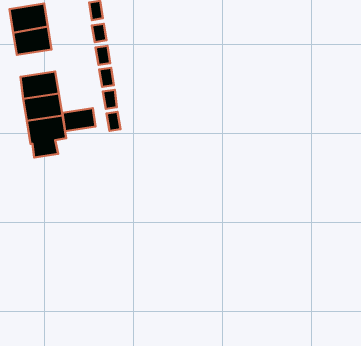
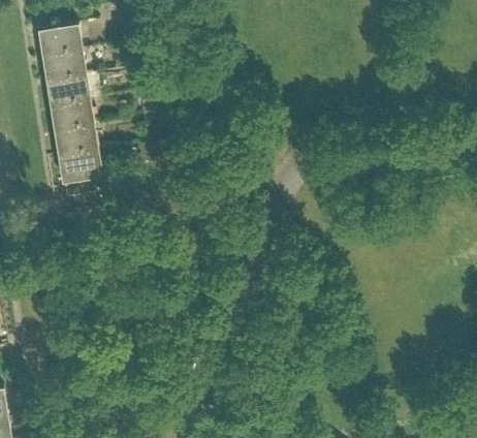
building: none -> [45,74,89,105]
building: [63,108,95,131] -> none

